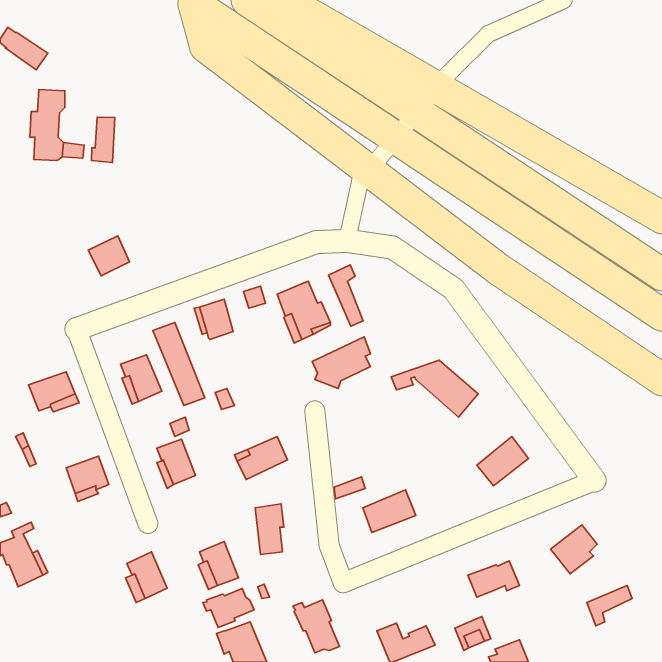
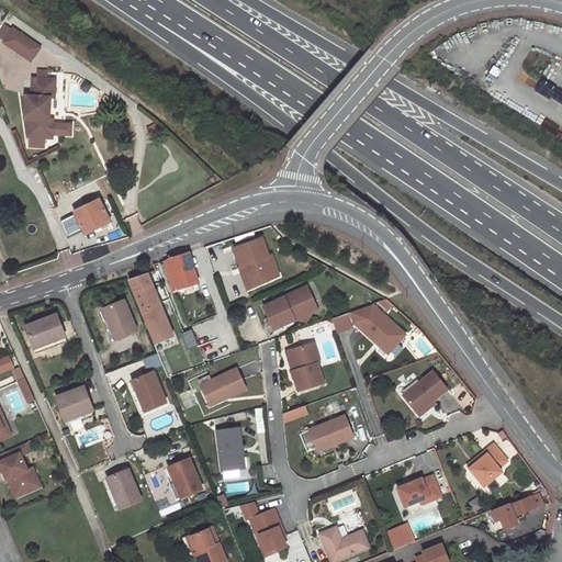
building: [91,117,115,162] -> none
building: [328,265,363,326] -> none
building: none -> [288,342,323,391]
building: [203,588,254,627] -> none

